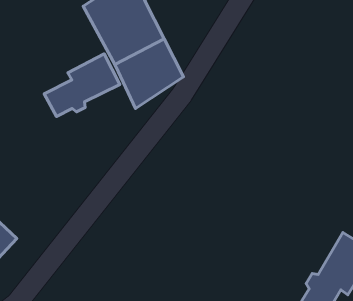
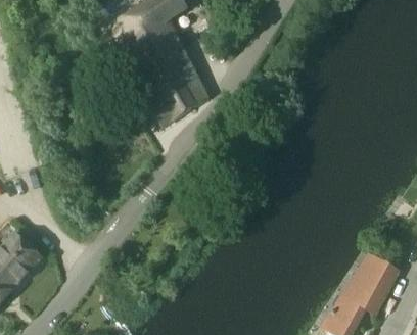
building: [44,54,120,116] -> none

